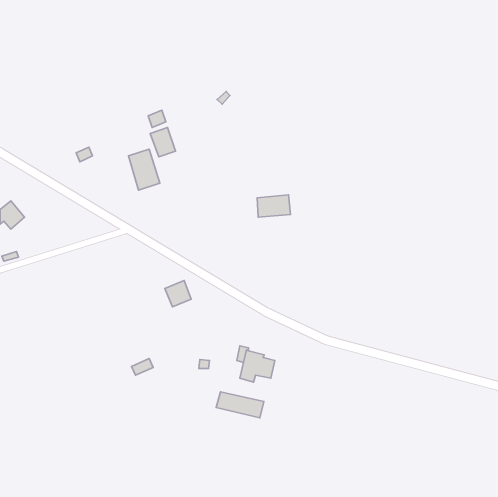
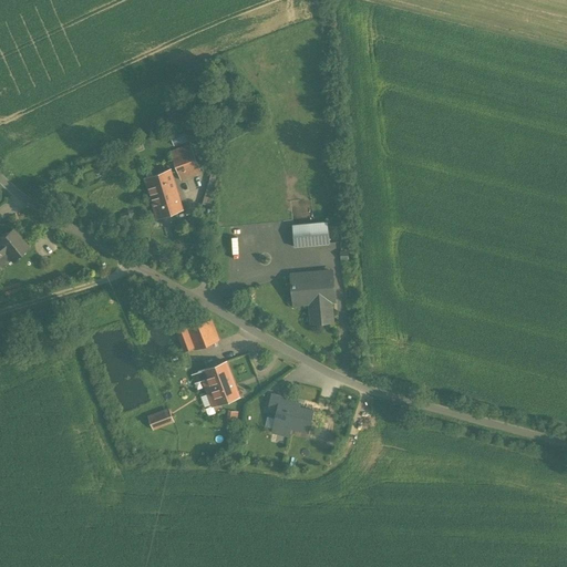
building: none -> [292,272,333,324]
building: none -> [199,361,239,406]
building: [216,392,264,418] -> none

